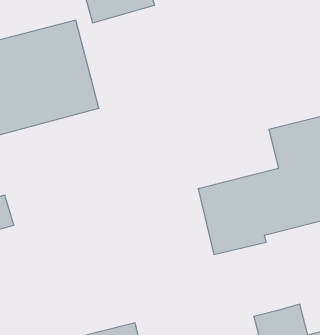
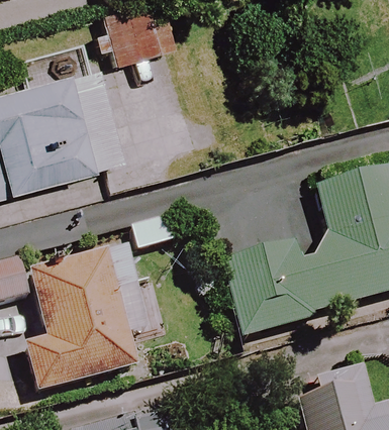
building: none -> [26,244,142,395]

